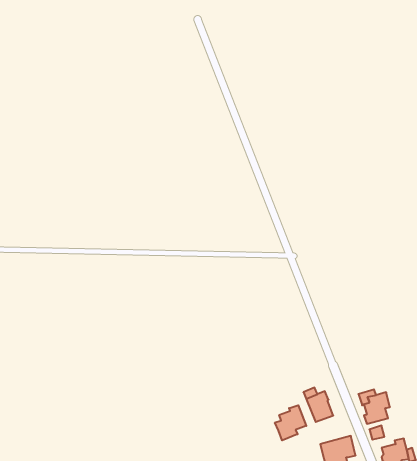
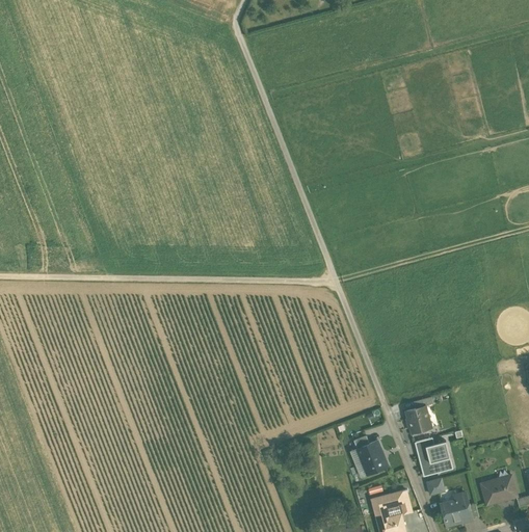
building: none -> [405,405,430,432]
building: [275,405,306,440] -> none

